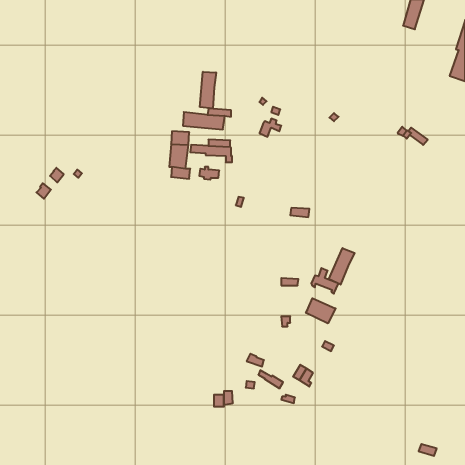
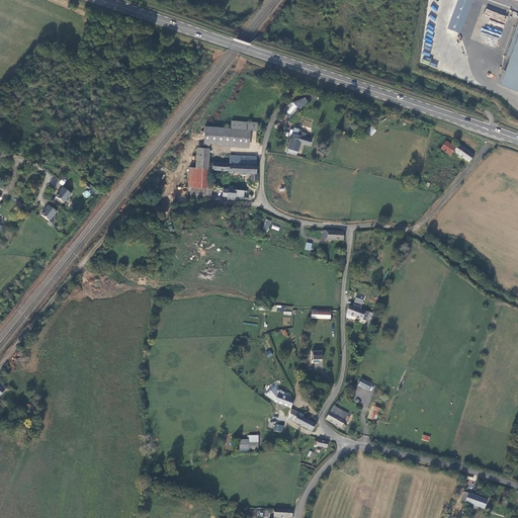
building: [200,72,216,108] -> none
building: [329,248,355,285] -> none
building: [306,298,336,323] -> none

